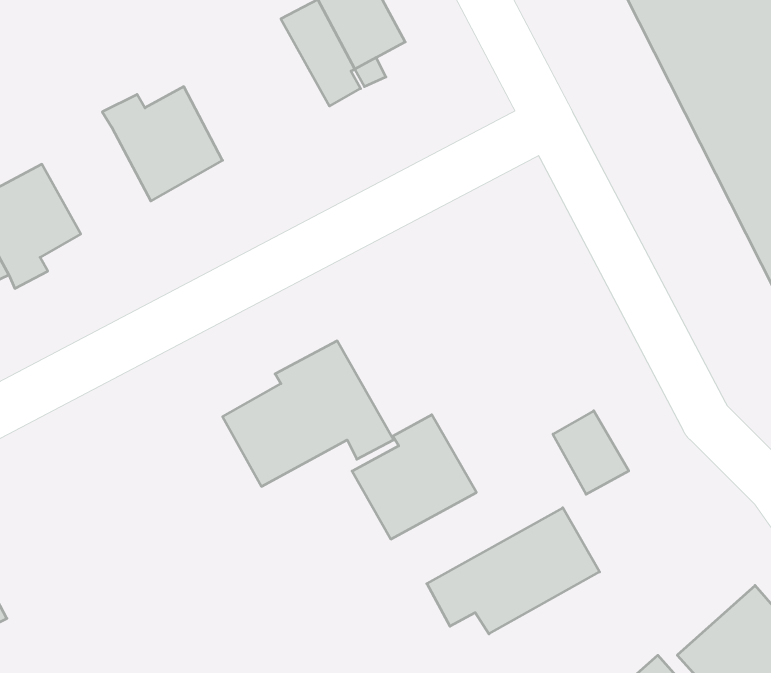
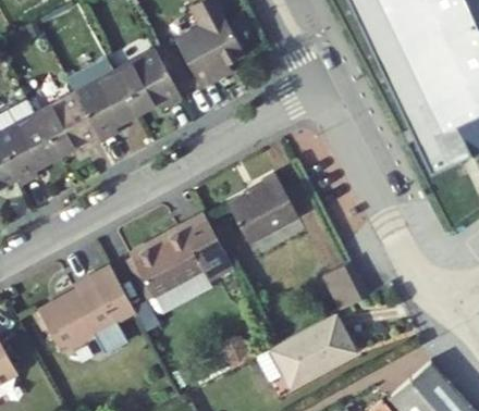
building: none -> [116,46,179,116]
building: none -> [37,98,101,158]
building: [352,415,476,539] -> [226,173,296,242]
building: none -> [37,264,135,356]

